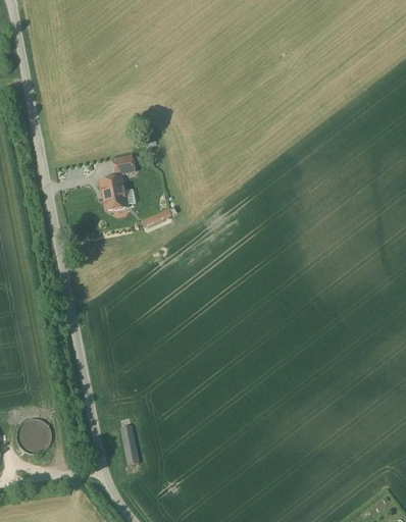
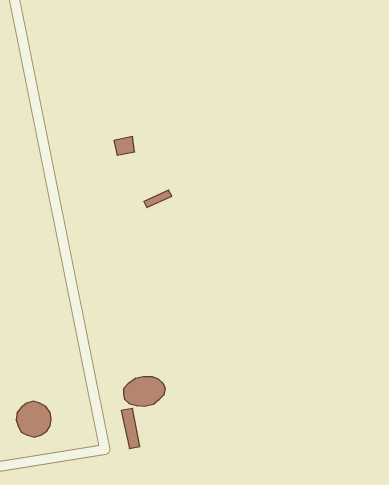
building: [101,176,126,209] -> none
building: none -> [124,377,165,406]

